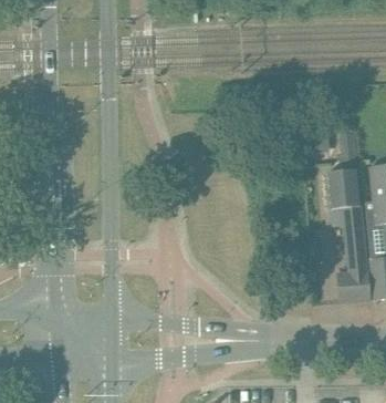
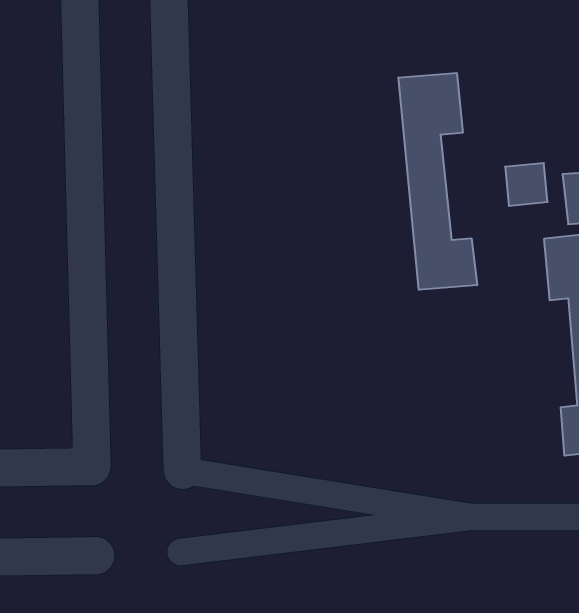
building: none -> [399,73,477,290]

